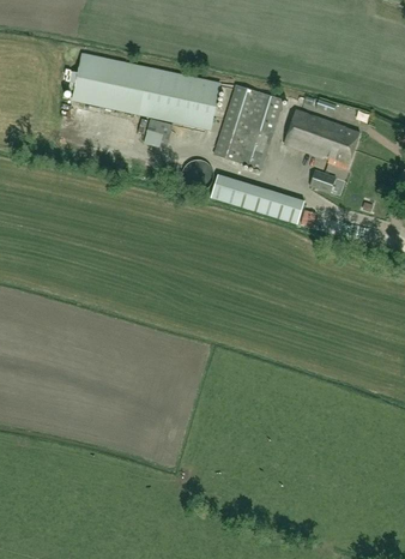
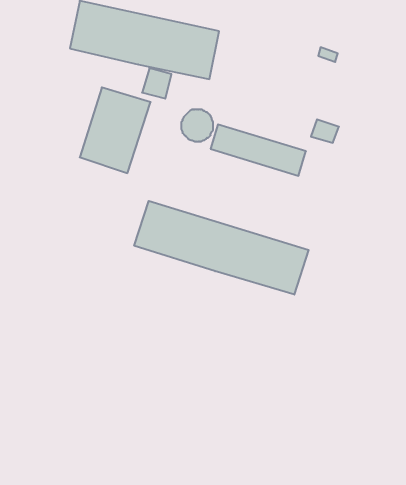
building: [214,85,284,169] -> [80,87,151,173]
building: [284,109,359,169] -> none
building: none -> [134,201,309,295]

